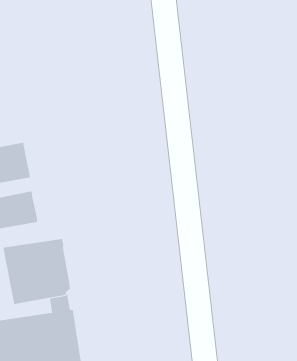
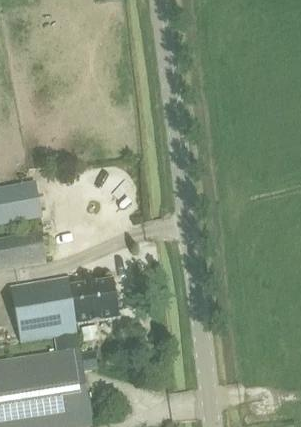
building: none -> [70,278,117,322]

